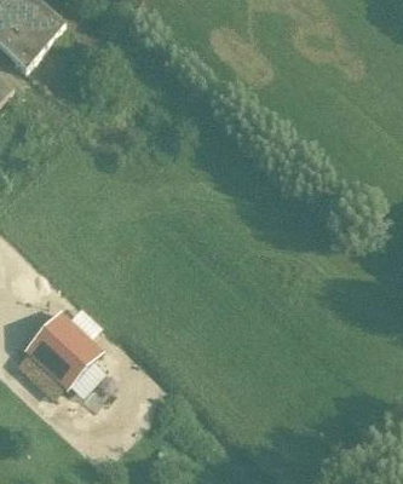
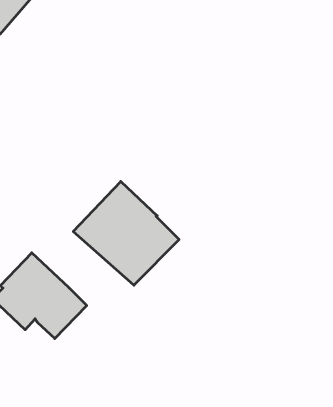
building: none -> [73,181,179,285]

